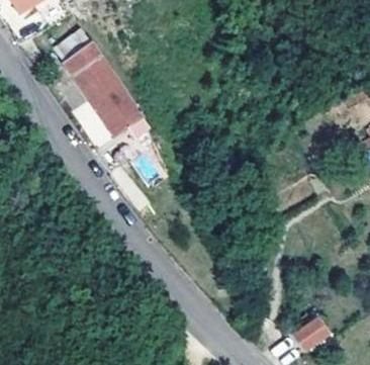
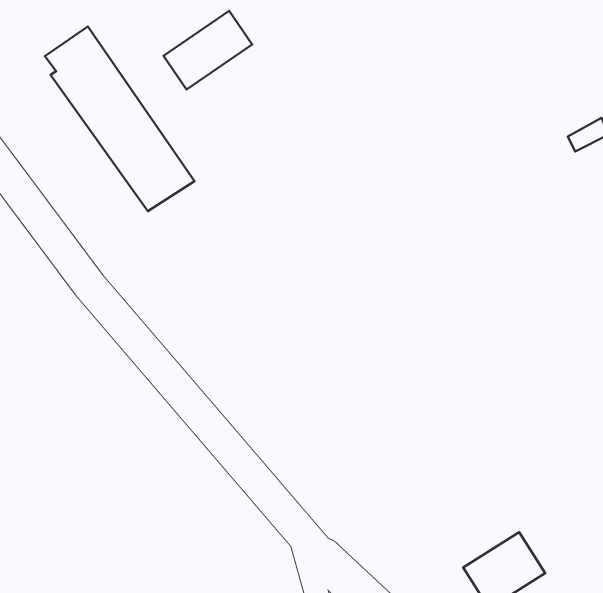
building: none -> [163,11,252,90]

